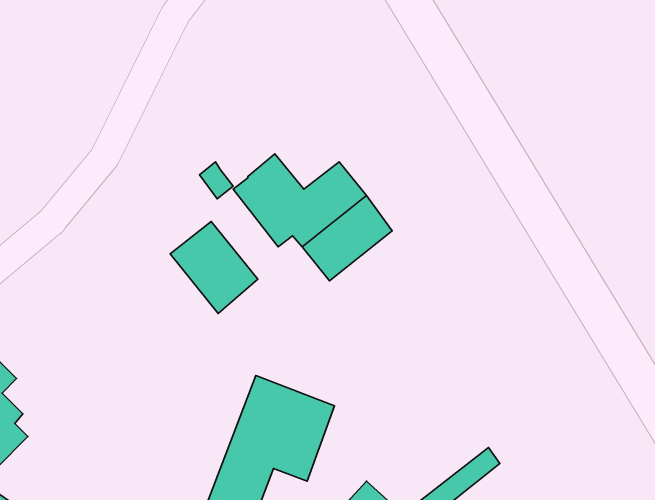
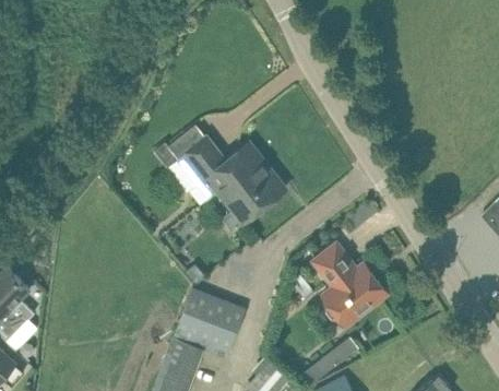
building: [170,221,258,314] -> none
building: none -> [312,242,388,325]

